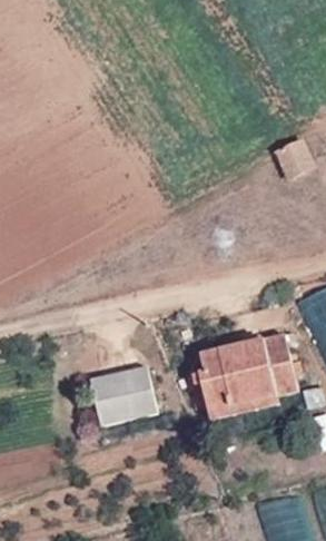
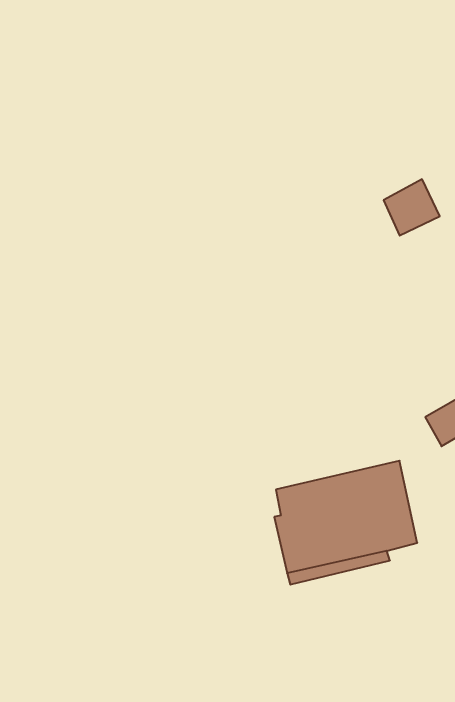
building: [95,375,161,434] -> none

